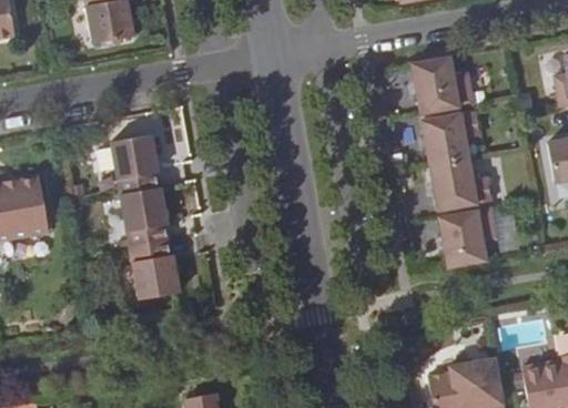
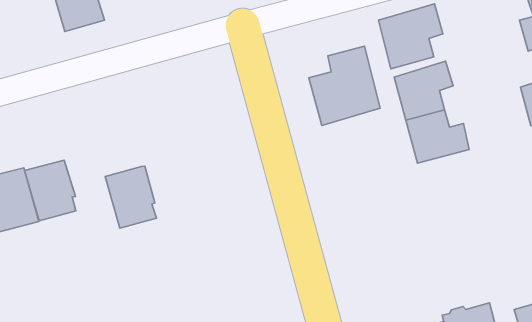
building: none -> [309,46,380,125]
building: [110,134,159,193] -> [25,160,76,221]
building: [437,207,501,267] -> none
building: [130,239,180,299] -> none

